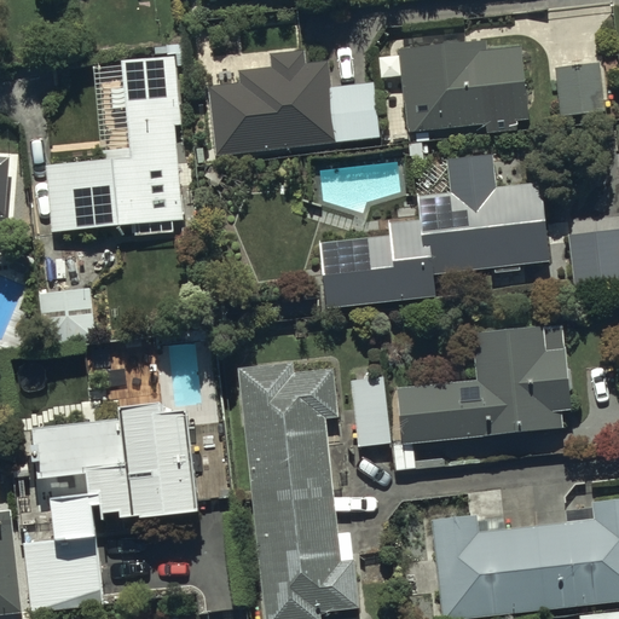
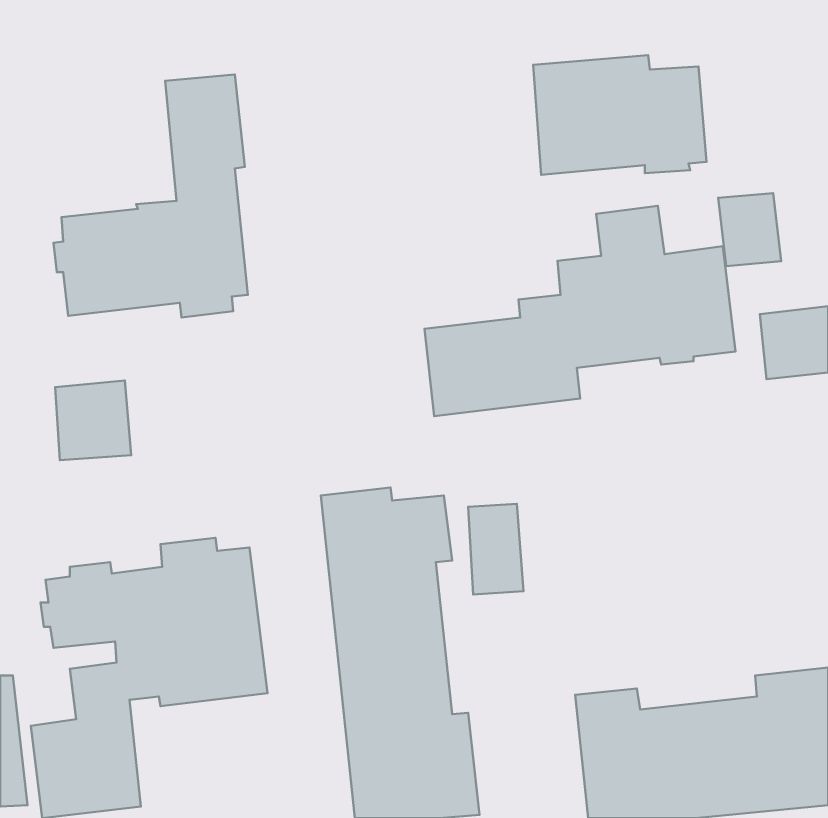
building: [209,50,377,155] -> none
building: [554,62,601,116] -> [718,193,781,266]
building: [392,325,567,468] -> none

